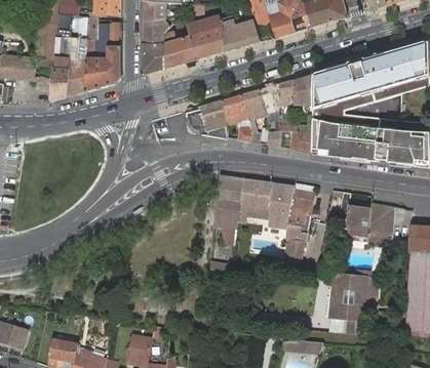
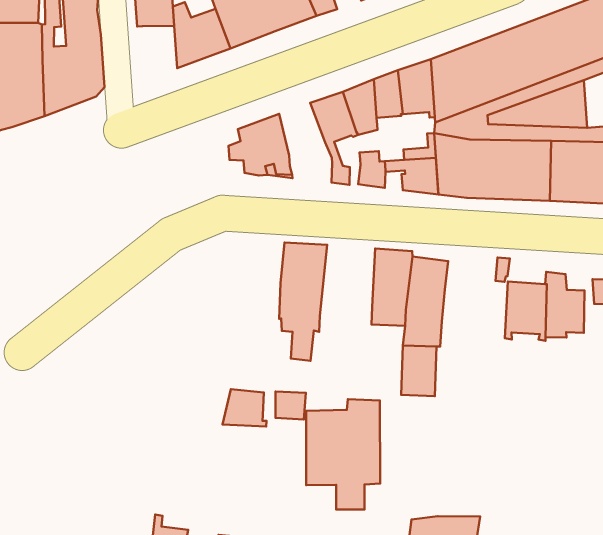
building: [141,43,164,75] -> none
building: [222,94,250,141] -> none
building: [237,177,272,220] -> none
building: none -> [223,389,266,426]
building: [328,271,375,335] -> [306,399,380,510]

